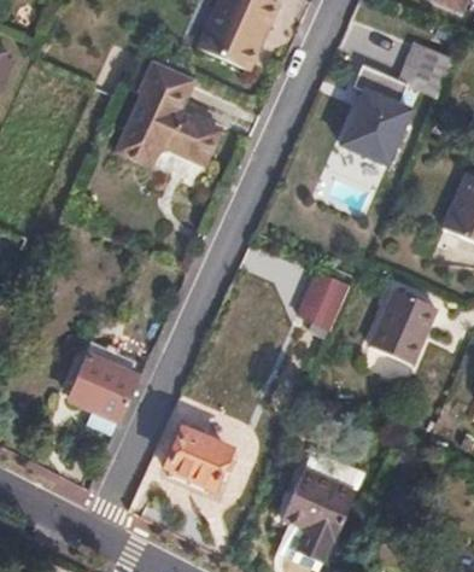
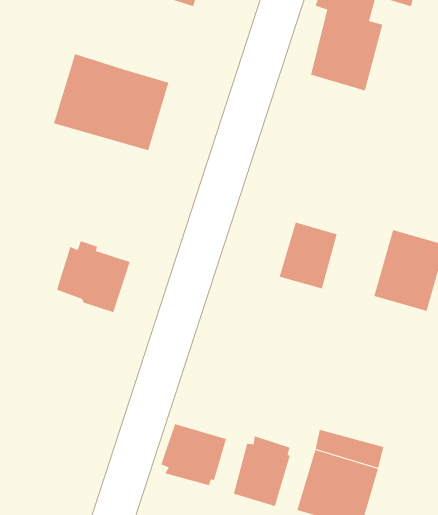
building: [141,63,199,117] -> none
building: [69,352,136,419] -> [56,241,131,313]
building: none -> [233,435,291,507]

